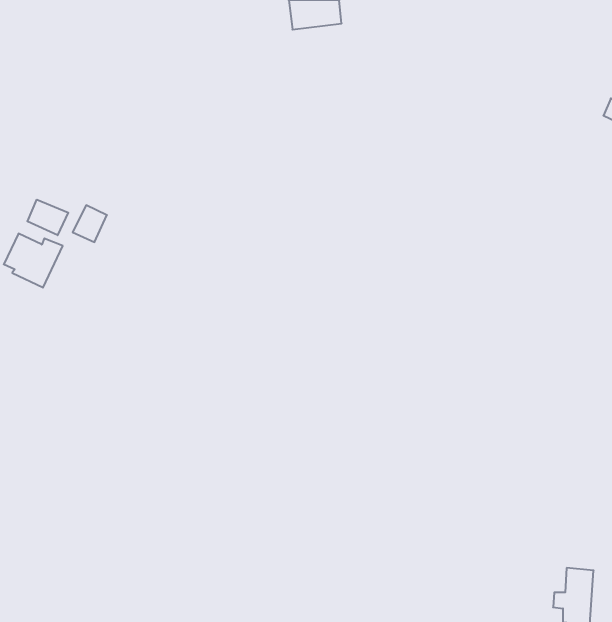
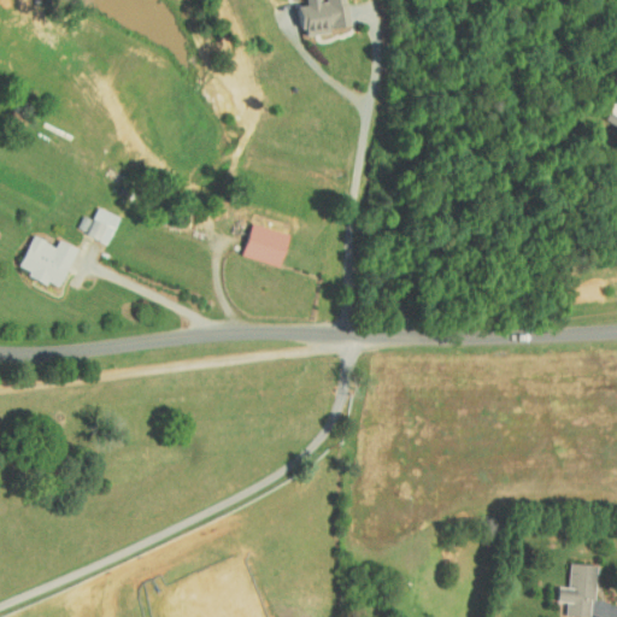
building: [27,200,68,235] -> none
building: none -> [243,223,290,266]

